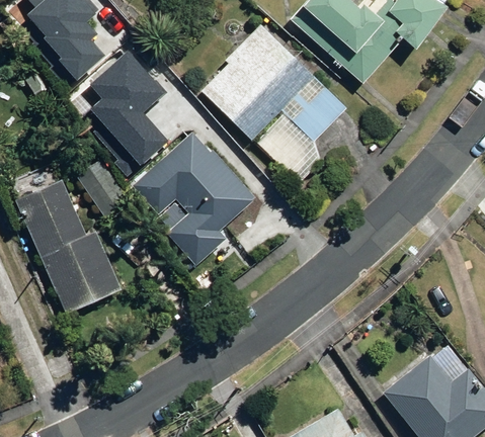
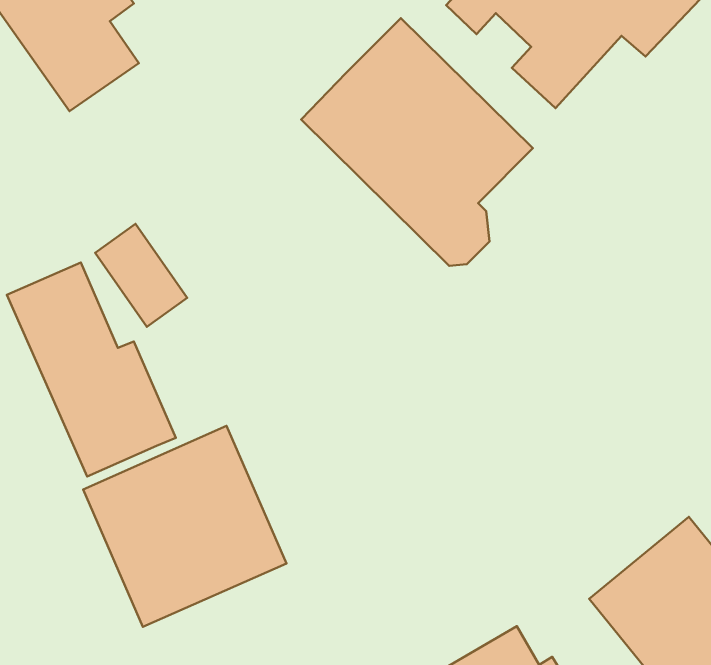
building: [87,51,166,178] -> none
building: [133,132,261,265] -> none
building: none -> [83,426,286,627]

